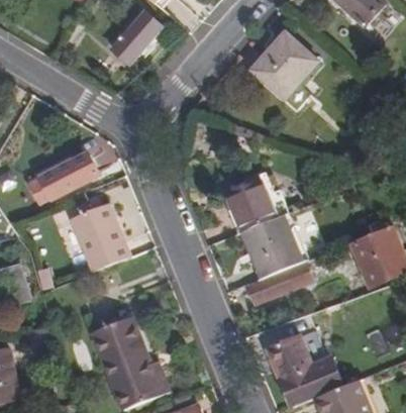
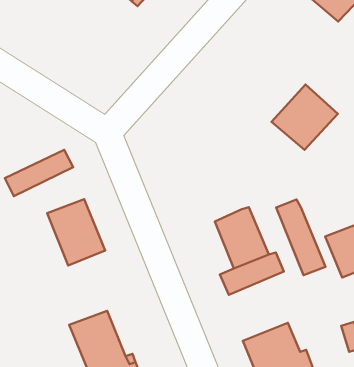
building: [113,13,163,65] -> none
building: [252,33,319,99] -> [272,85,338,150]
building: [223,177,267,226] -> none
building: none -> [276,199,325,275]

